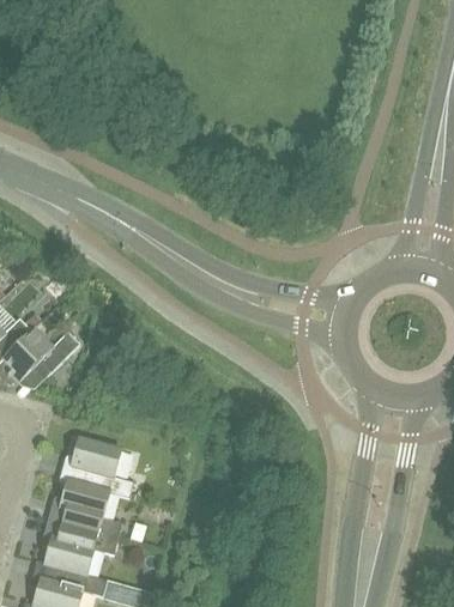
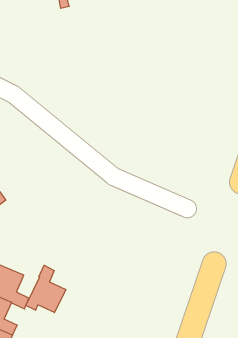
building: none -> [26,265,66,313]

